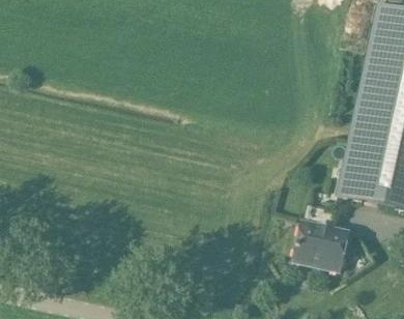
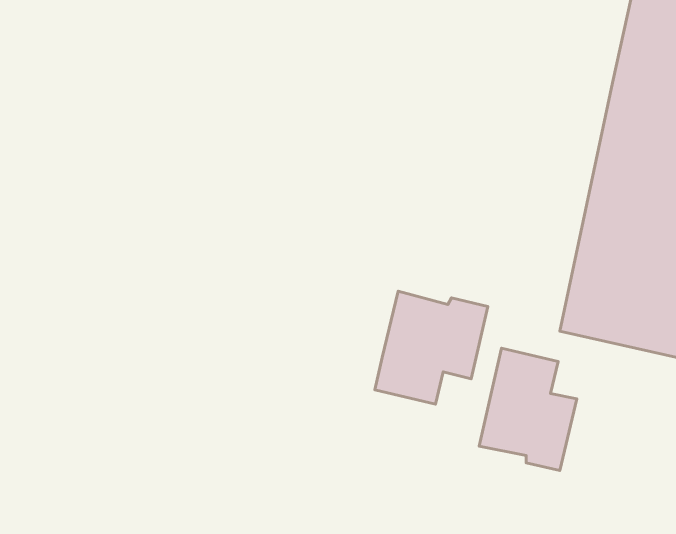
building: none -> [375,291,488,404]

